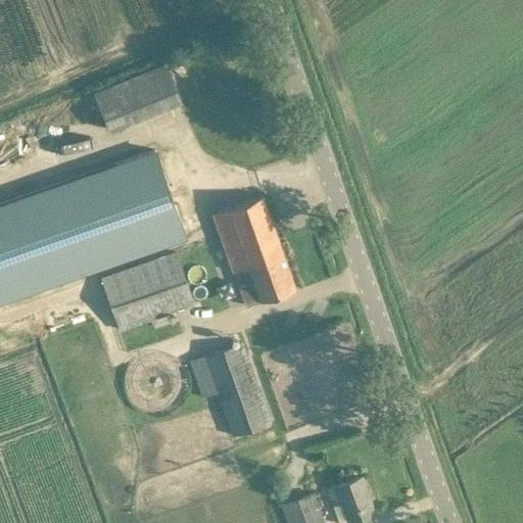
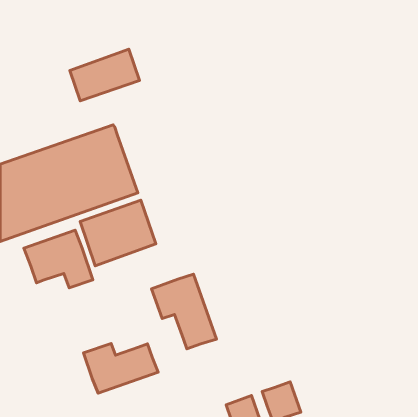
building: [213,197,296,306] -> none
building: none -> [24,230,93,288]
building: none -> [84,343,158,393]

